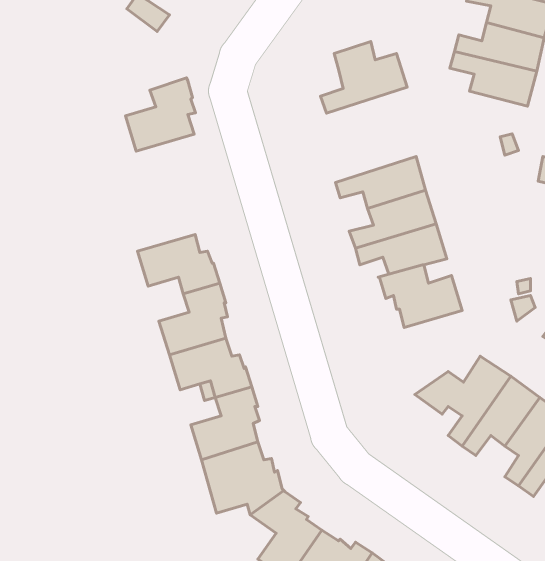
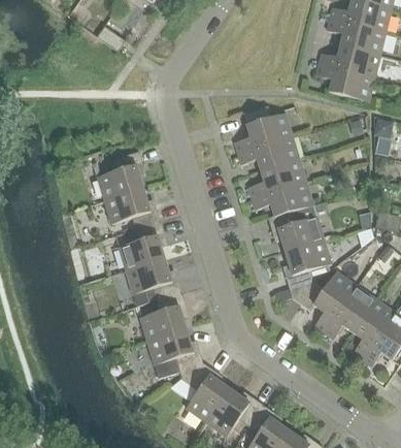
building: [320,41,407,113] -> [233,104,292,153]
building: [125,78,196,151] -> [96,150,143,199]
building: none -> [283,239,330,296]

